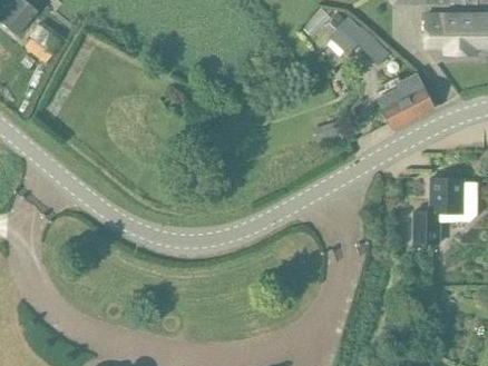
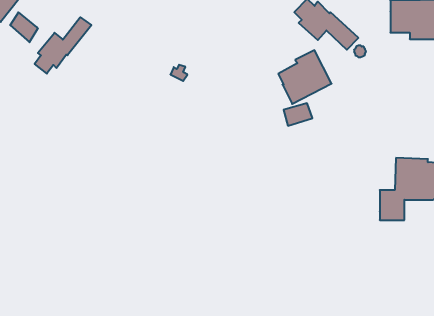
building: none -> [35,17,91,74]
building: [378,72,433,128] -> [278,50,332,104]

